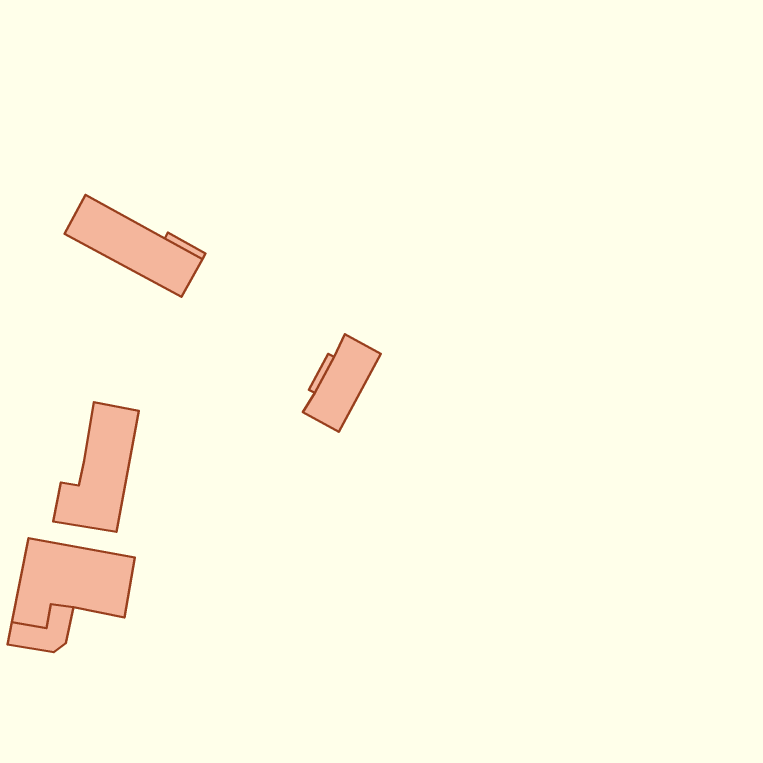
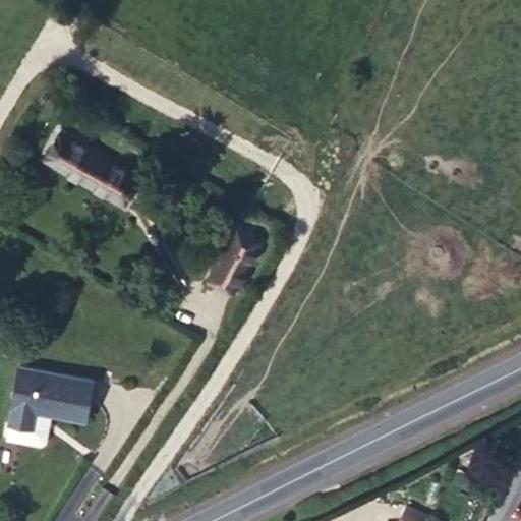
building: [53,402,139,532] -> none

